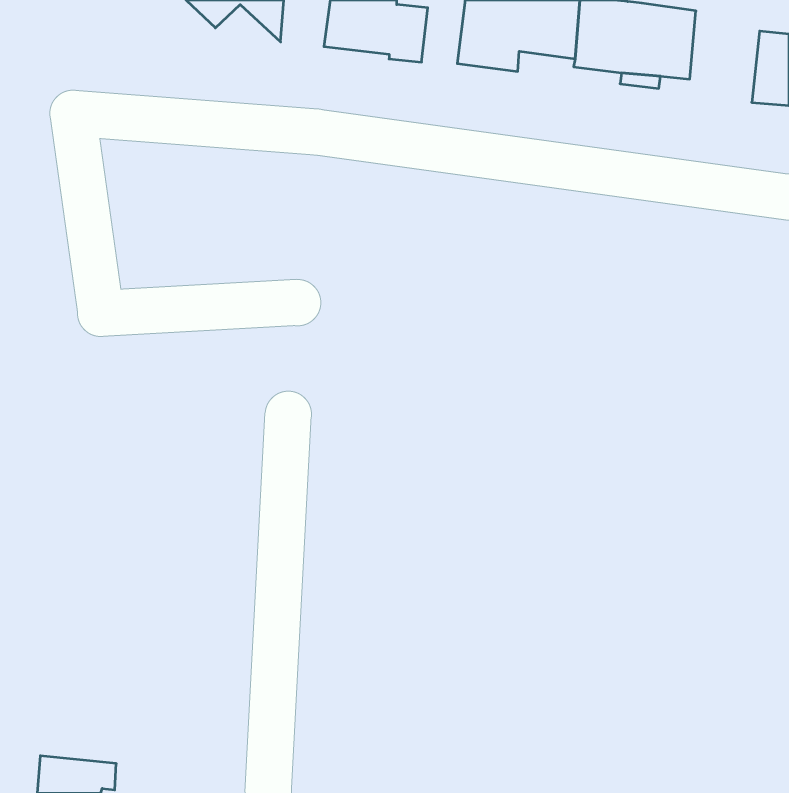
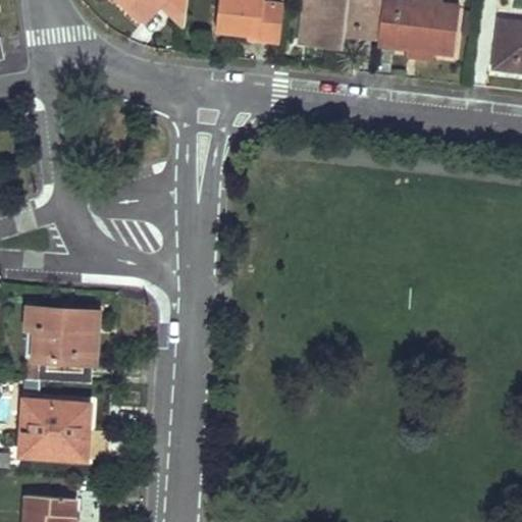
building: none -> [29,310,95,383]
building: none -> [19,401,88,461]

